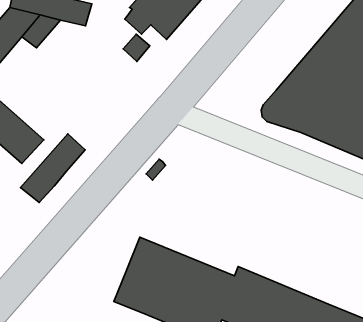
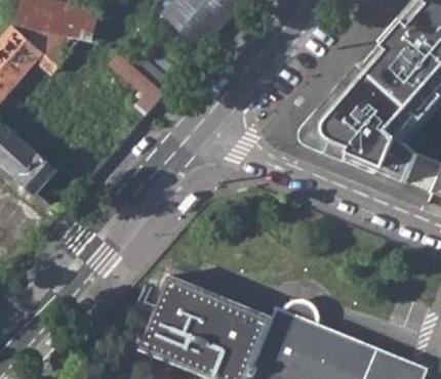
building: none -> [111,50,165,113]
building: [21,134,85,203] -> none

